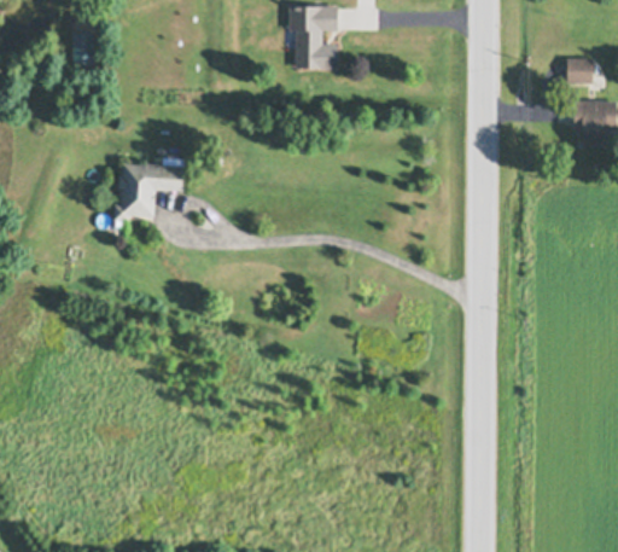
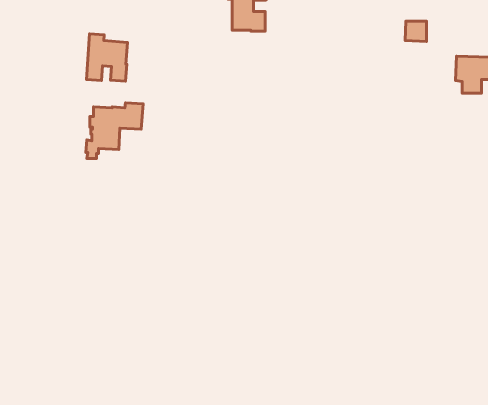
building: [567,58,594,83] -> [405,21,426,42]
building: none -> [87,34,128,81]

